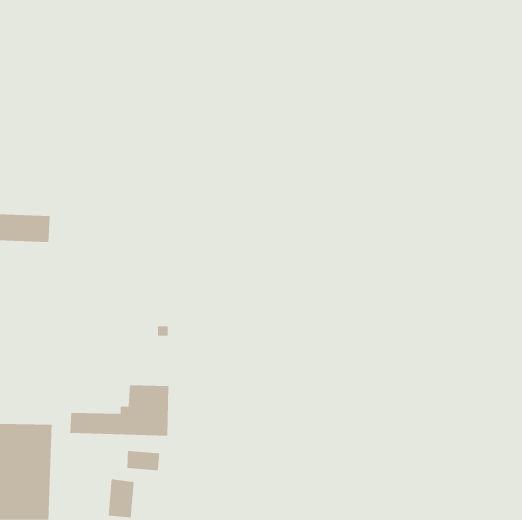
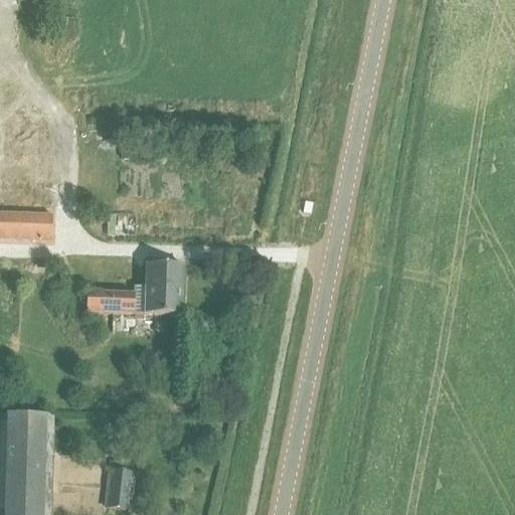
building: [69,385,169,436] -> [84,263,182,313]
building: [127,450,160,471] -> none

